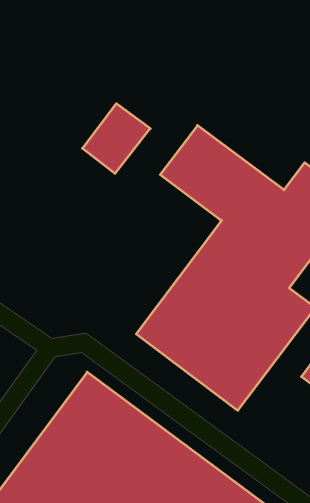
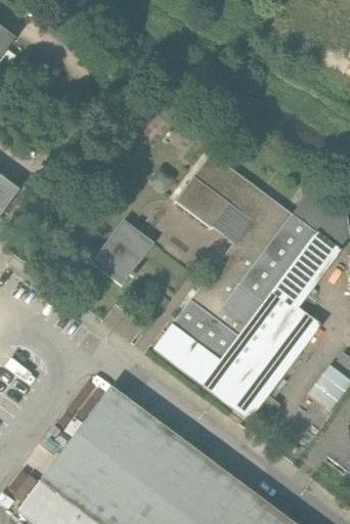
building: [82,104,150,173] -> [90,220,154,286]

